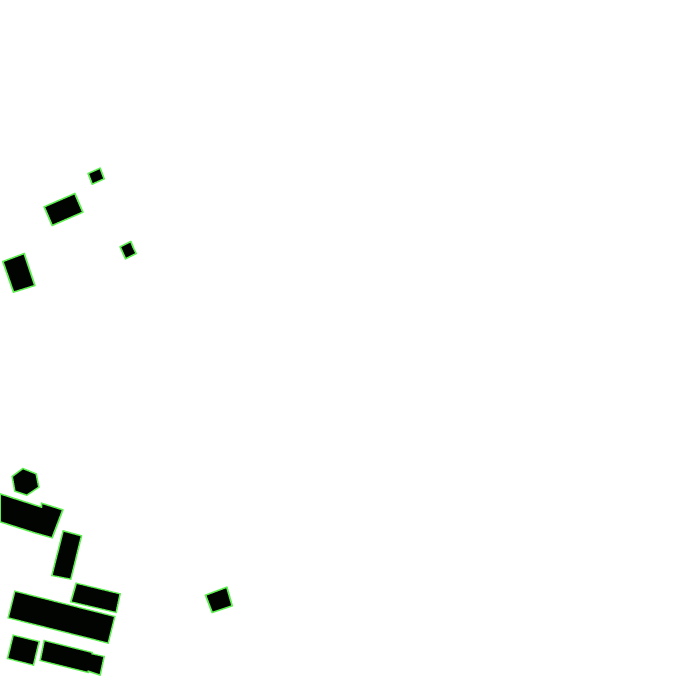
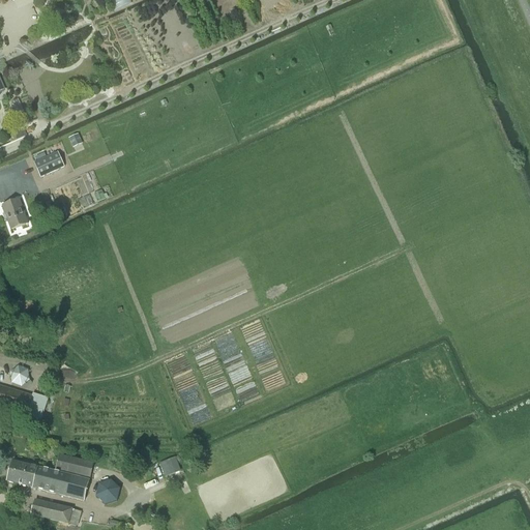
building: [52,531,81,579] -> none
building: none -> [93,478,118,502]
building: [7,635,39,665] -> none

